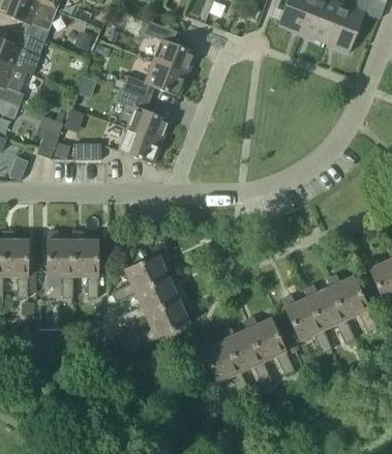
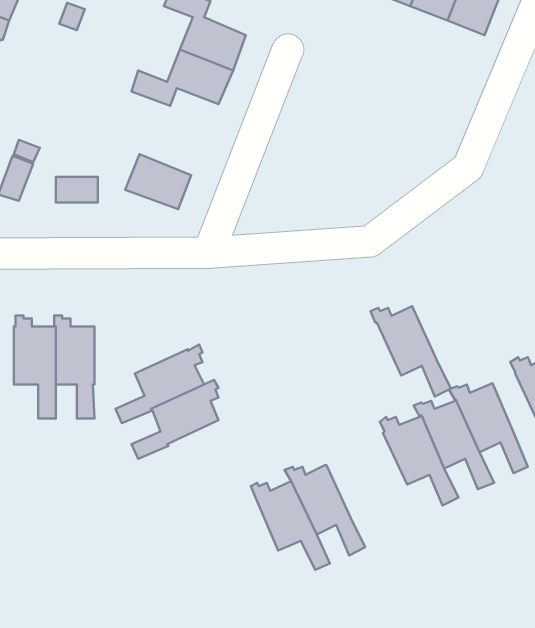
building: [117,88,170,142] -> none
building: [132,296,189,346] -> none
building: [243,317,295,375] -> [370,306,451,396]

